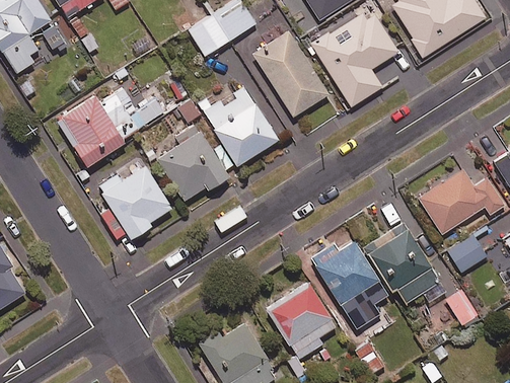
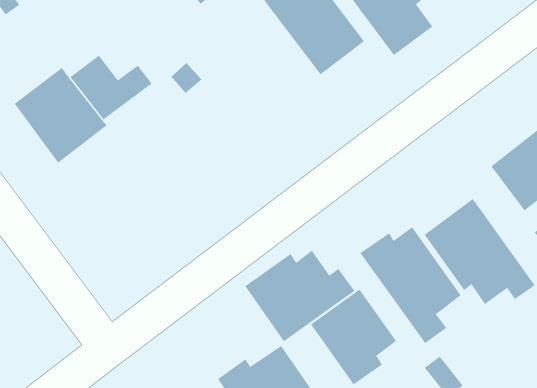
building: [198,86,278,165] -> none
building: [156,125,229,201] -> none
building: [101,166,171,239] -> none
building: none -> [245,250,355,342]

